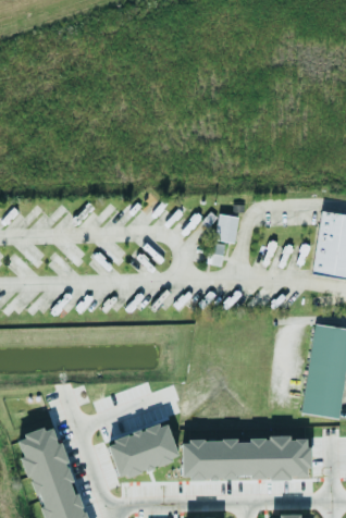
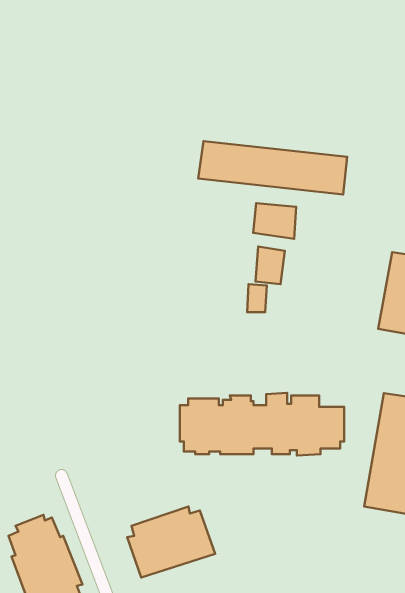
building: none -> [198,141,347,195]
building: none -> [253,203,296,239]
building: [184,432,312,481] -> [180,393,344,456]

